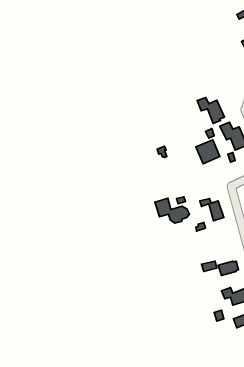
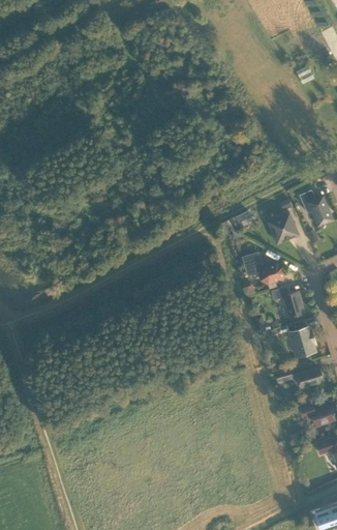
building: [197,98,224,124] -> none
building: [155,198,189,223] -> [242,252,286,284]
building: none -> [290,327,315,356]

